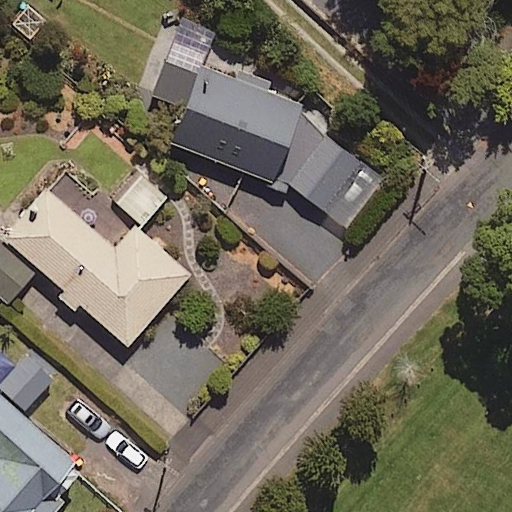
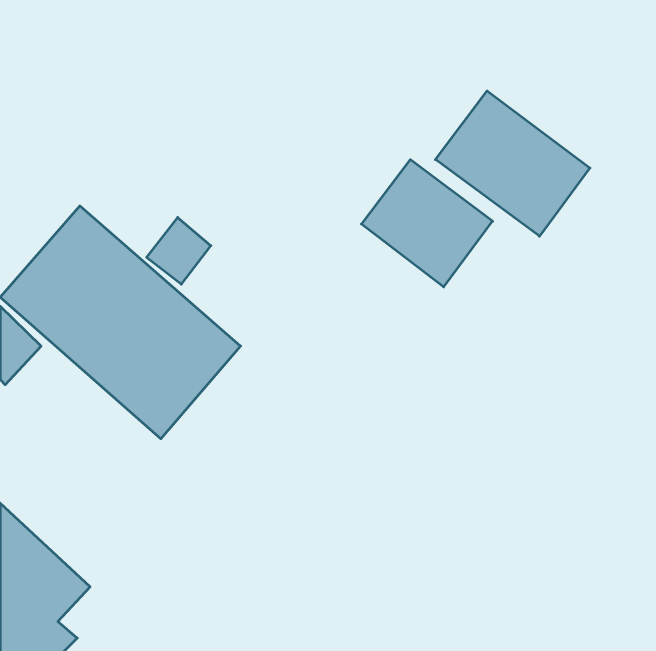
building: [152,22,302,182] -> none
building: none -> [435,91,590,236]

